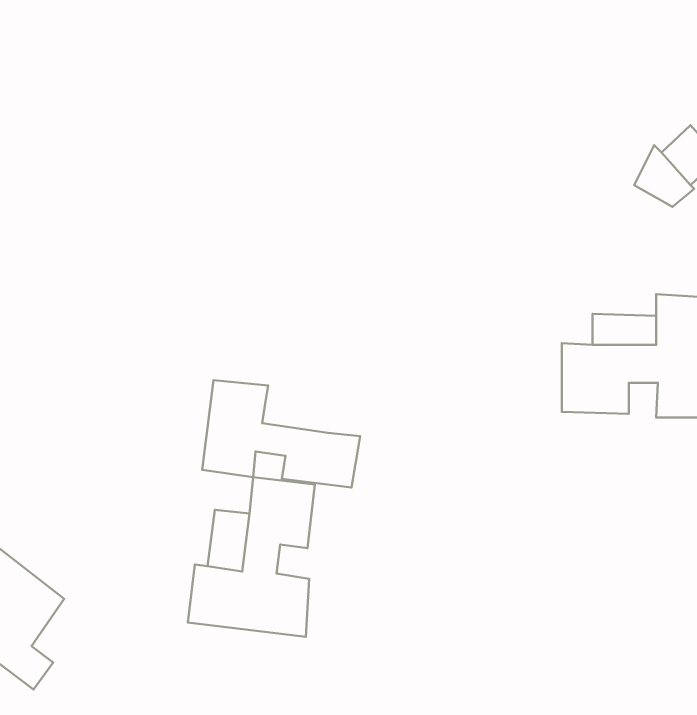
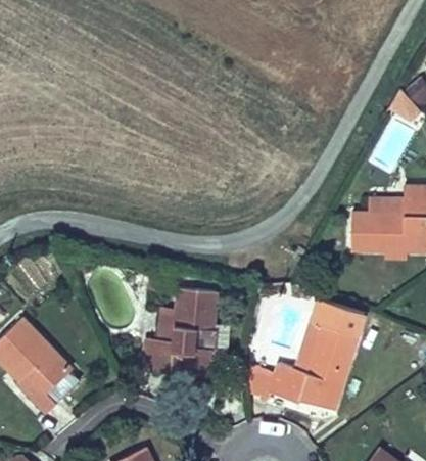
building: [202,380,360,487] -> none
building: none -> [264,312,364,416]

